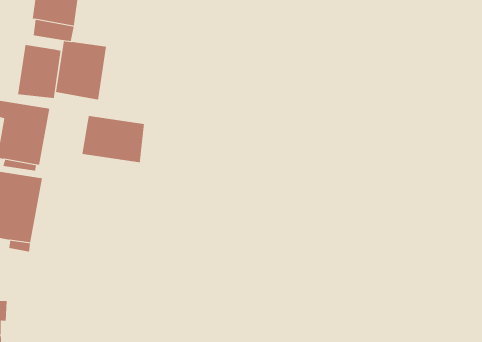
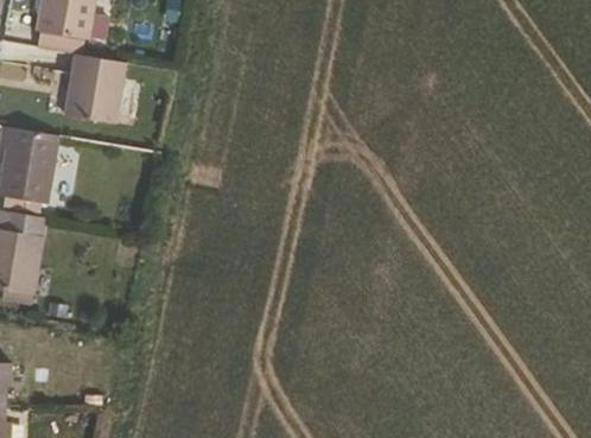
building: [18,44,61,99] -> none
building: [82,115,145,163] -> none

